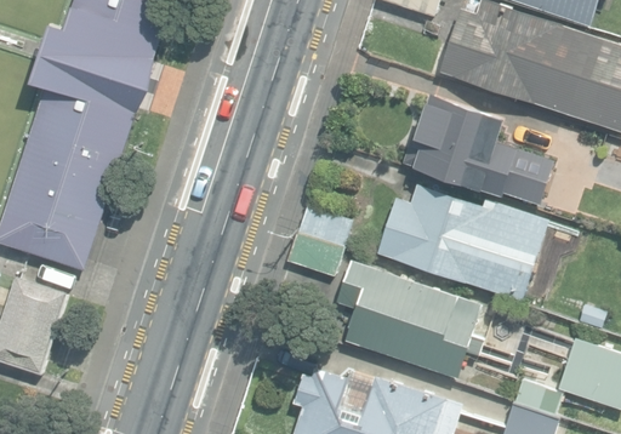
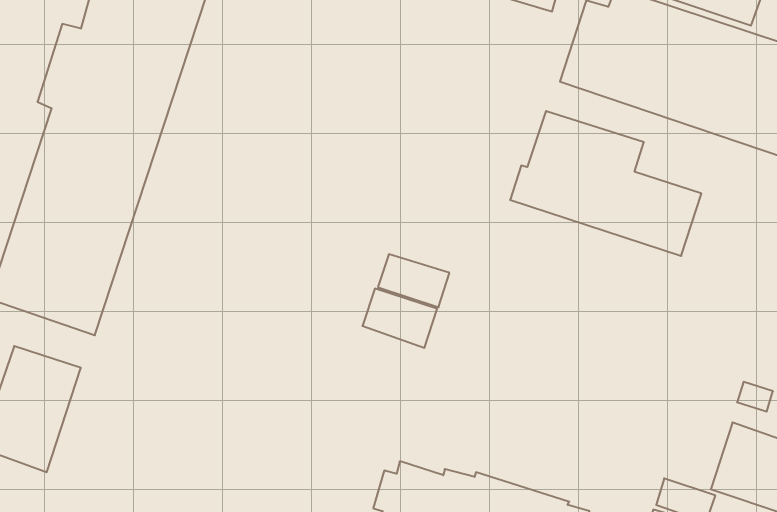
building: [380,182,551,302] -> none
building: [335,261,484,379] -> none

